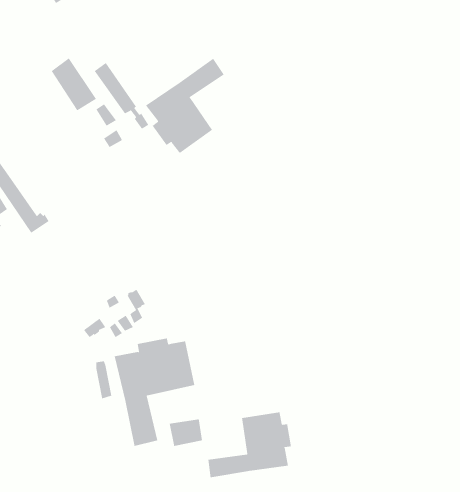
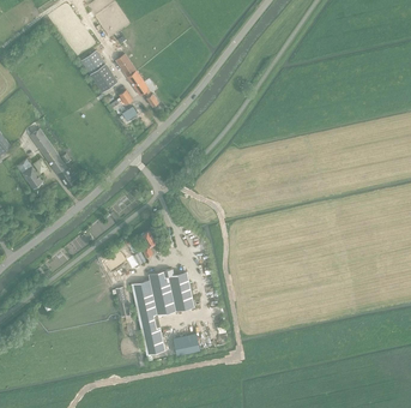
building: [145,58,224,154] -> none
building: [208,411,292,478] -> none

